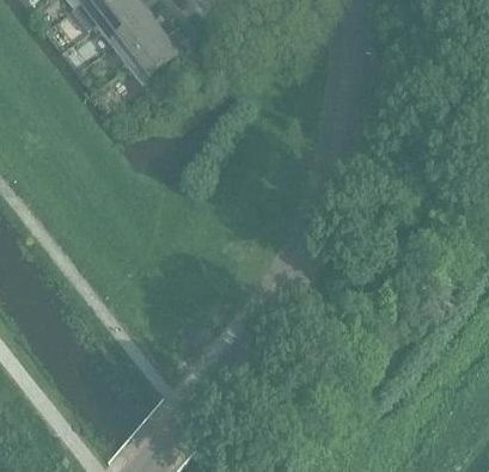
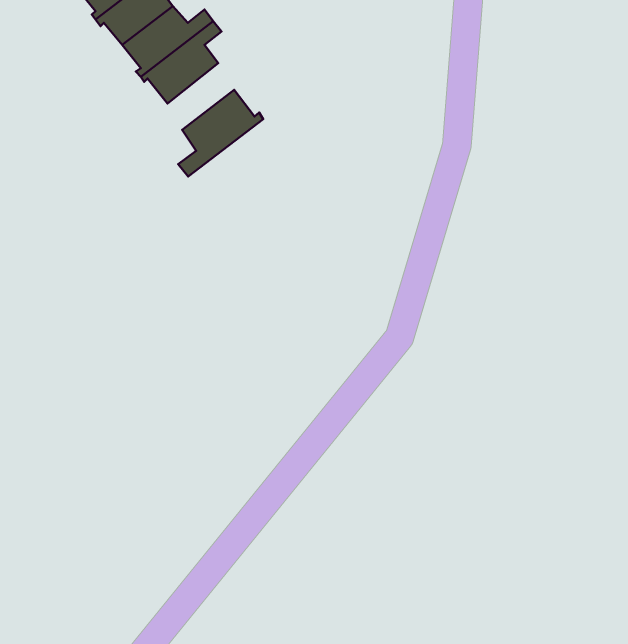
building: none -> [178,90,263,177]

